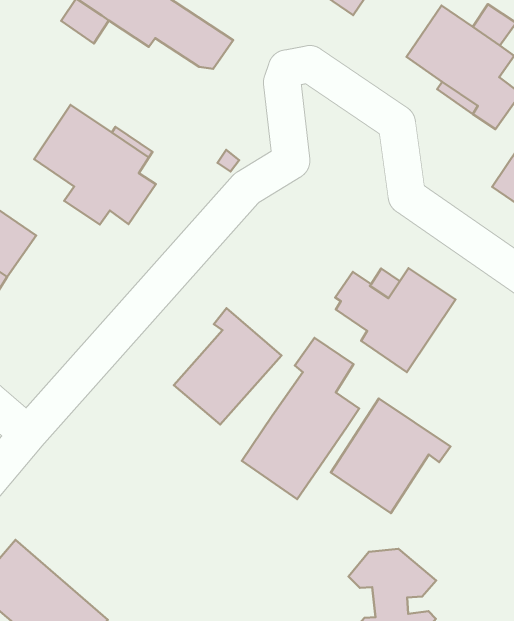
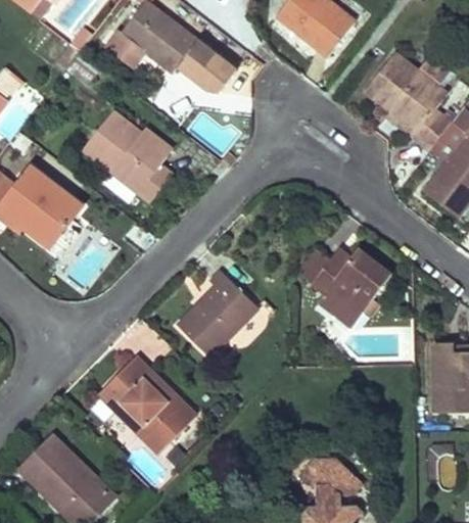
building: [242,338,359,499] -> none
building: [331,399,450,513] -> none
building: none -> [99,356,195,453]

